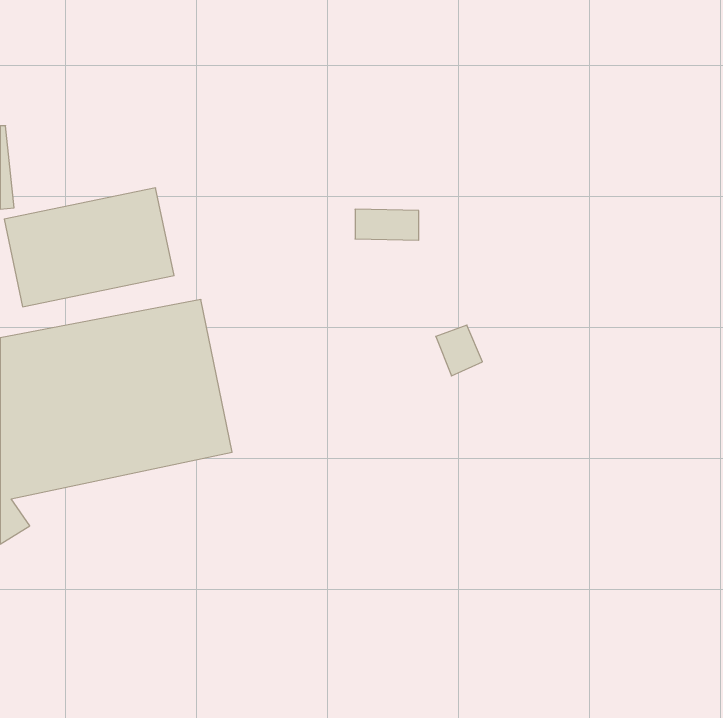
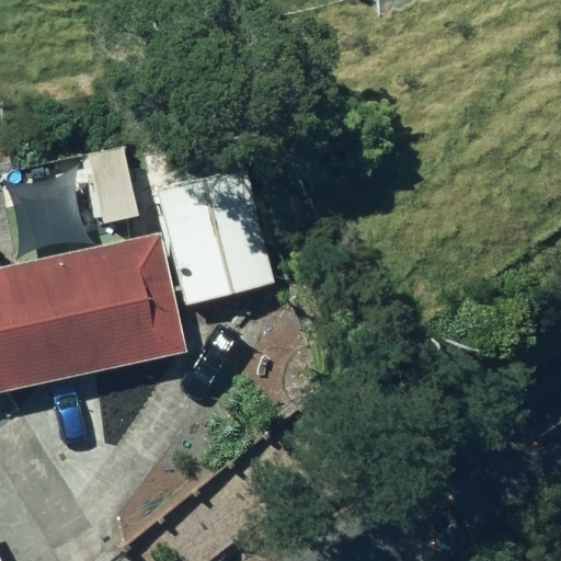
building: none -> [154,134,270,305]

